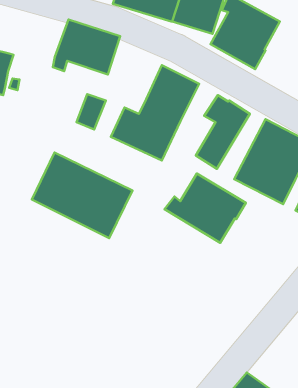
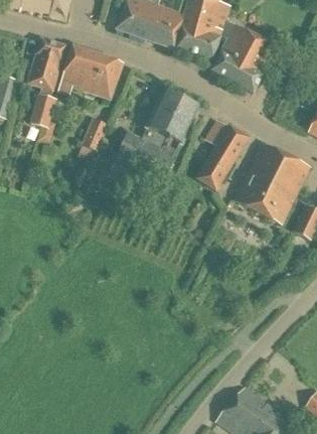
building: none -> [27,38,65,143]
building: [32,152,133,238] -> none
building: [165,174,246,243] -> none

